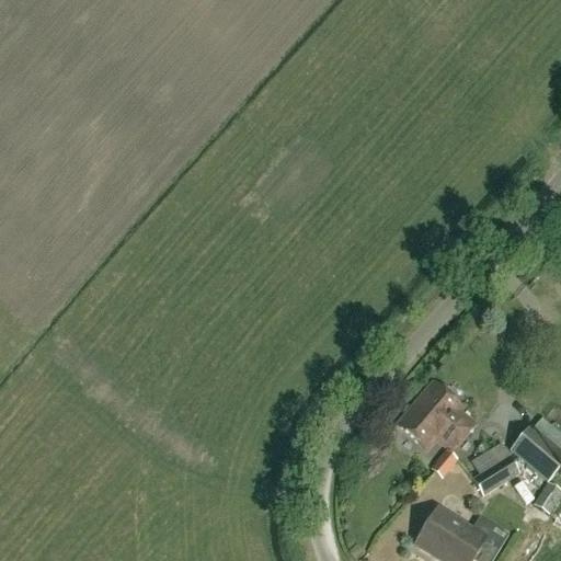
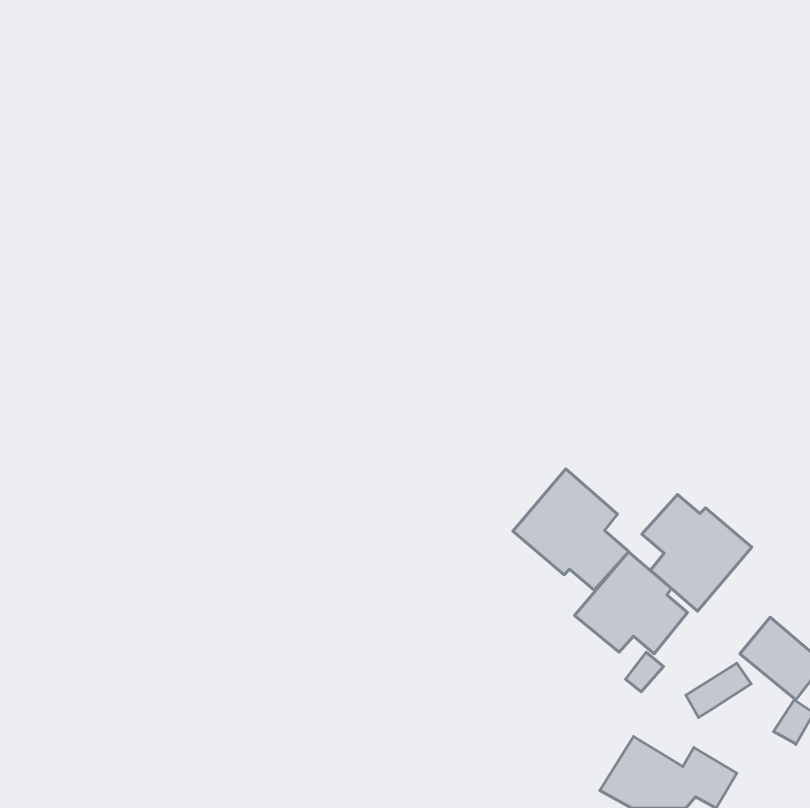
building: none -> [513,469,629,590]
building: none -> [642,494,752,611]

